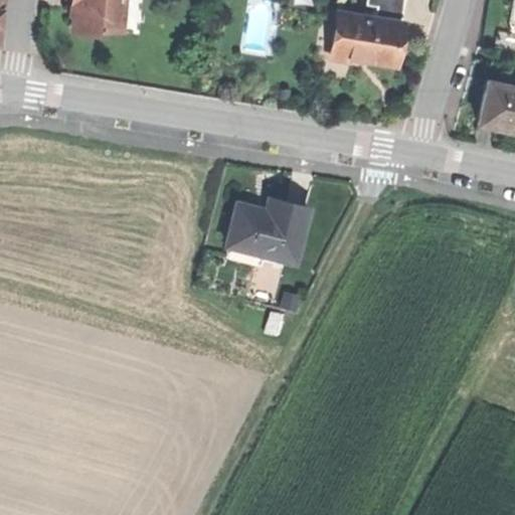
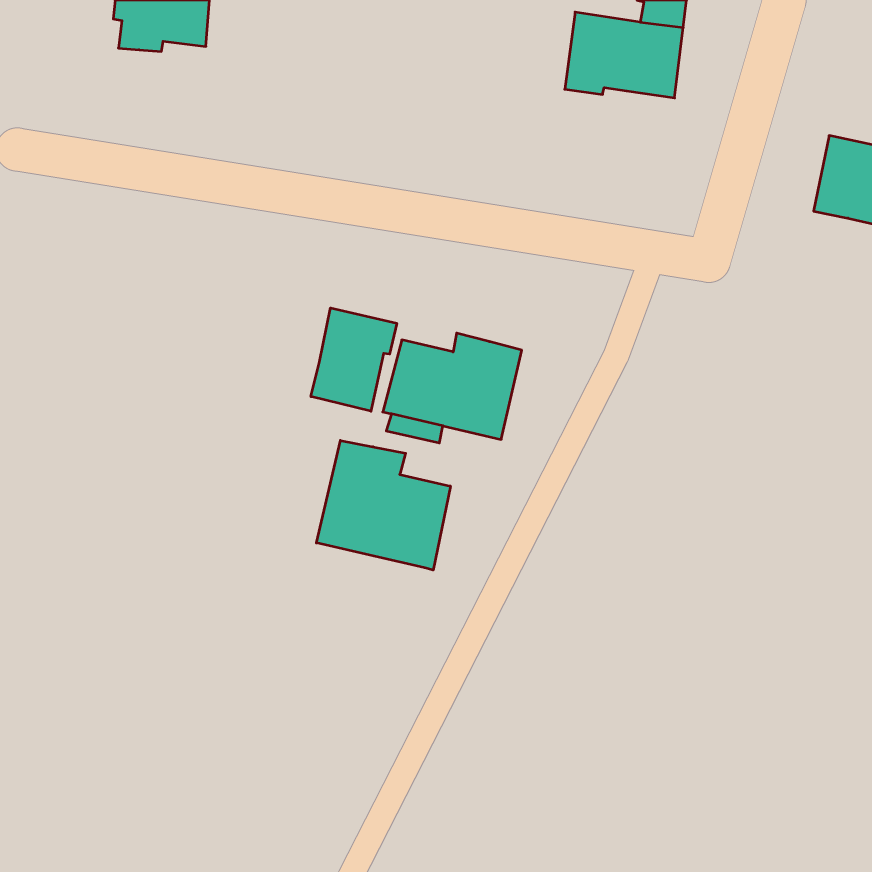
building: none -> [311,308,397,411]
building: none -> [316,440,450,570]

